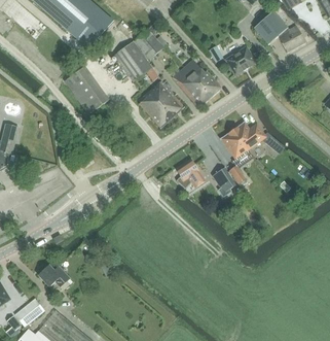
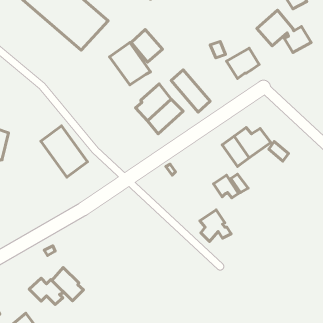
building: [184,59,221,97] -> none
building: [65,66,109,114] -> [41,126,87,177]
building: [176,159,206,189] -> [200,210,231,241]
building: none -> [52,267,84,301]

